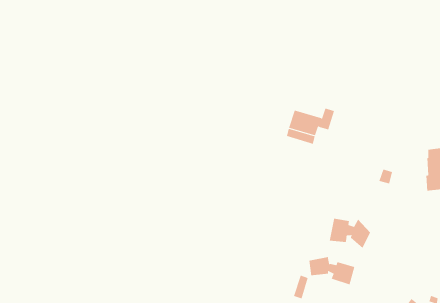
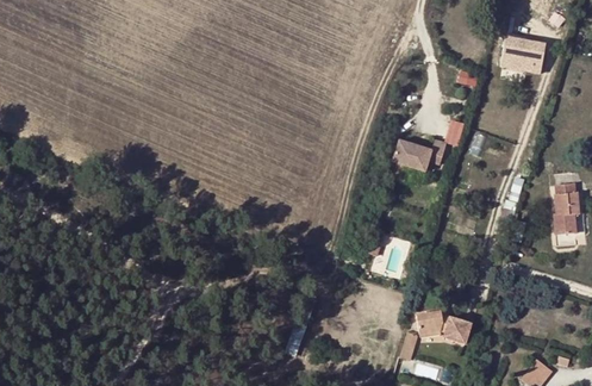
building: none -> [499,38,541,70]
building: [329,218,371,249] -> none

